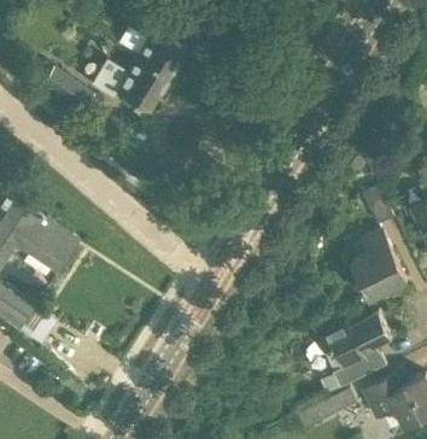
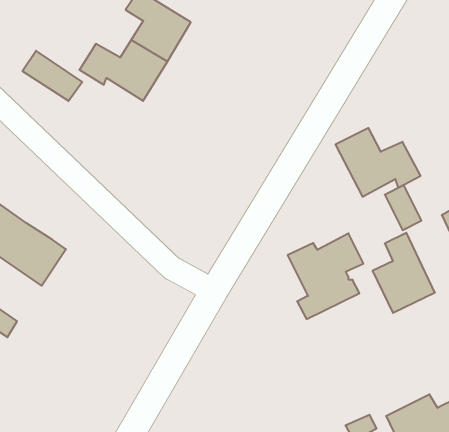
building: none -> [336,128,420,197]
building: [323,311,391,387] -> [288,233,363,319]

